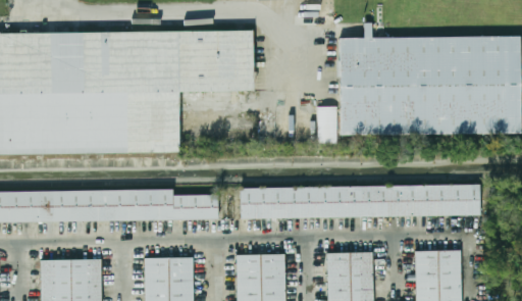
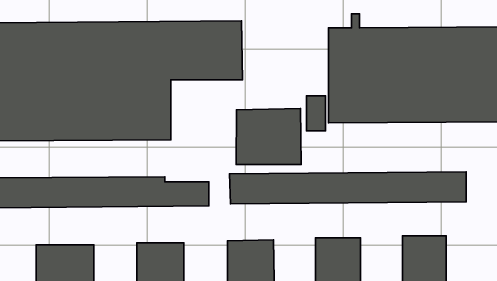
building: none -> [236,109,301,164]

